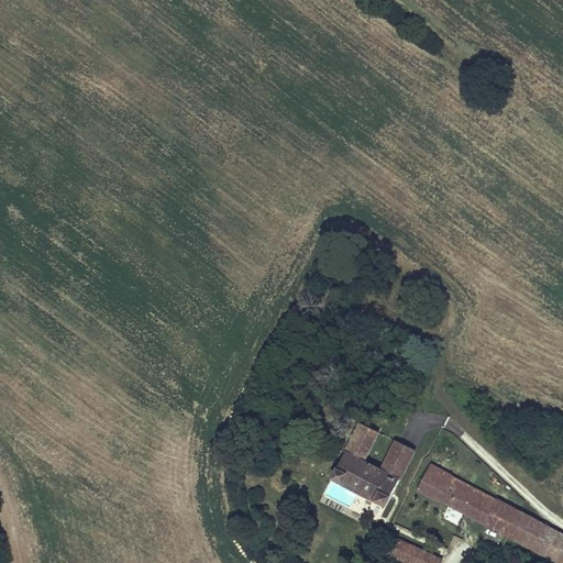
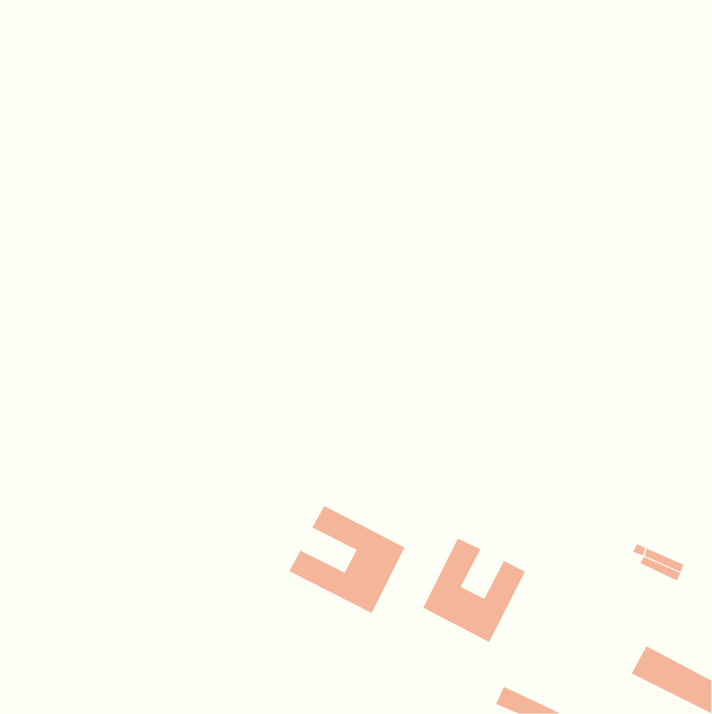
building: none -> [289,505,405,614]
building: [417,465,508,530] -> none

